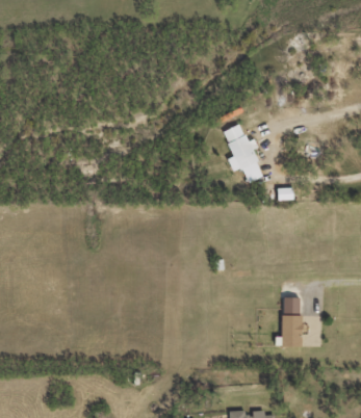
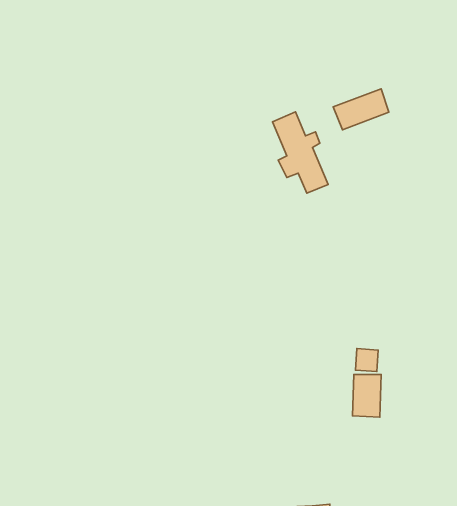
building: none -> [333,89,389,130]

